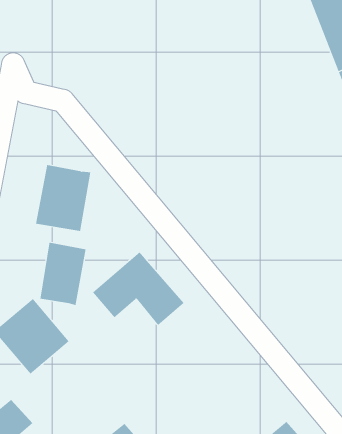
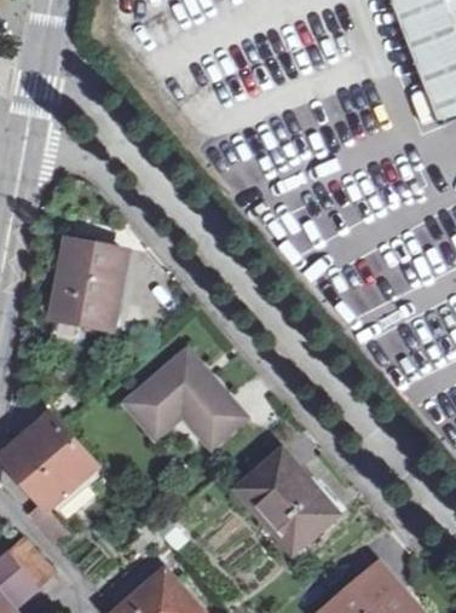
building: [40,242,86,306] -> none
building: none -> [239,452,335,547]

